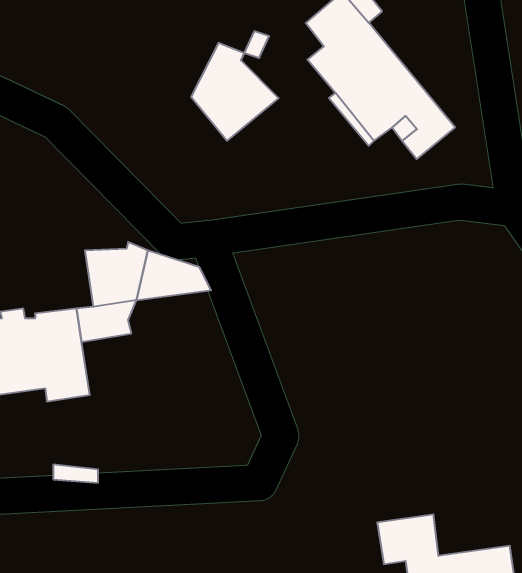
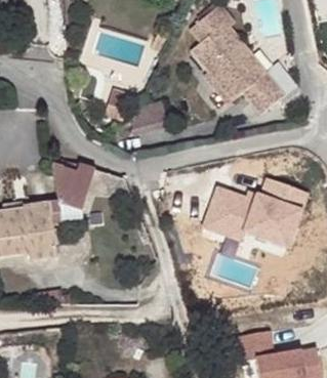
building: [191,43,279,141] -> none
building: none -> [200,175,308,252]

